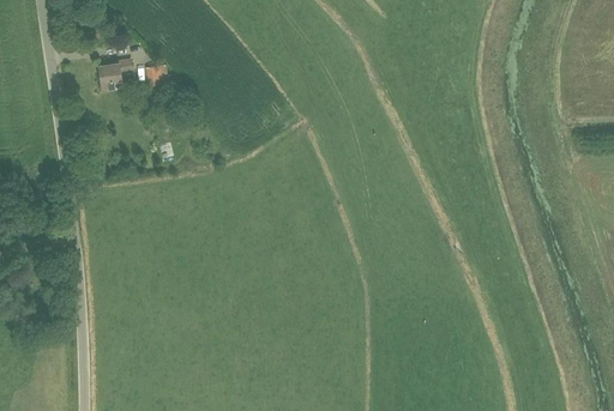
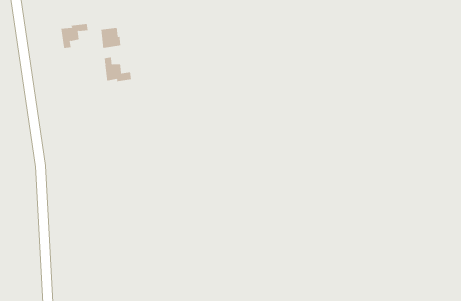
building: none -> [104,57,132,82]

